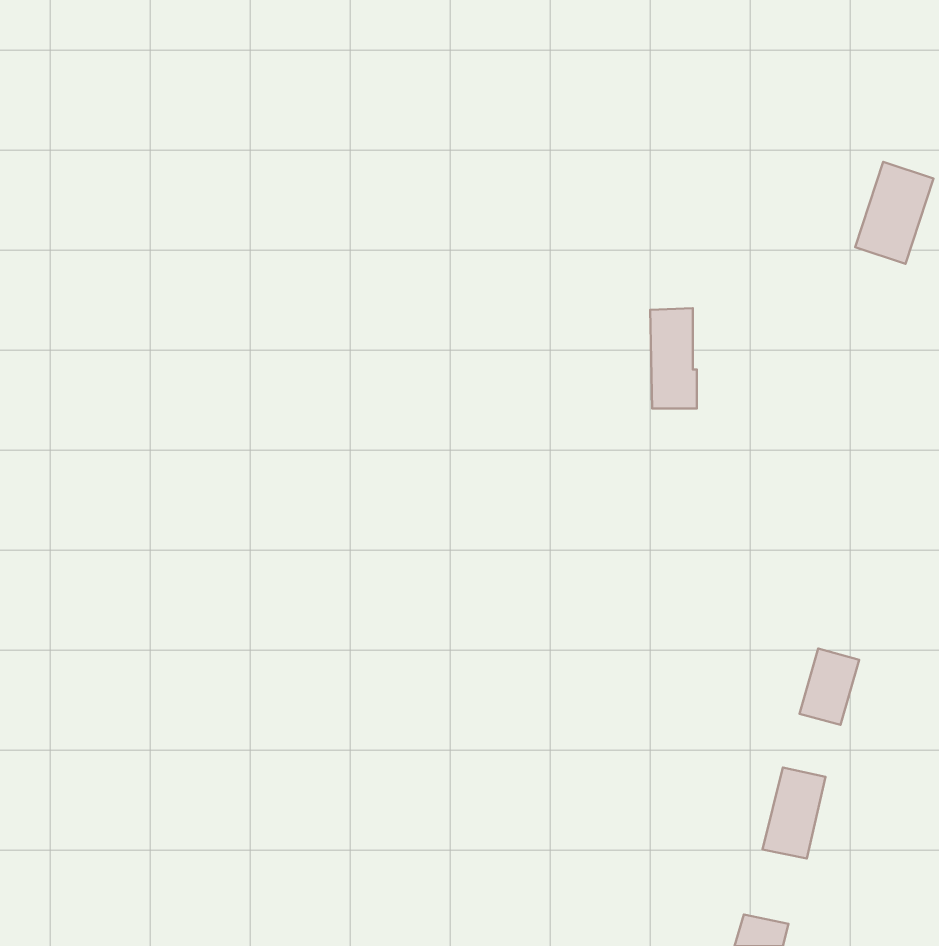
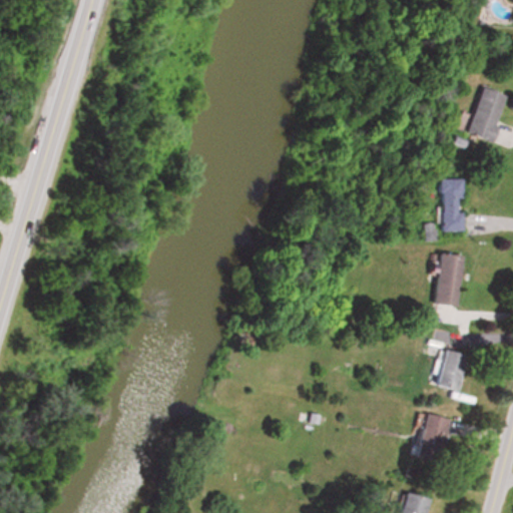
building: [650,308,697,408] -> [442,177,467,231]
building: none -> [435,252,465,306]

